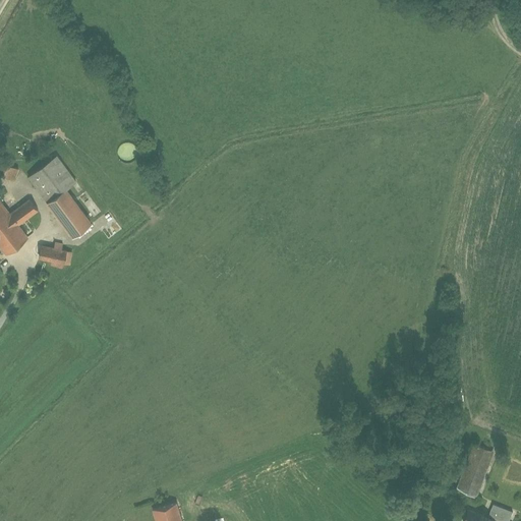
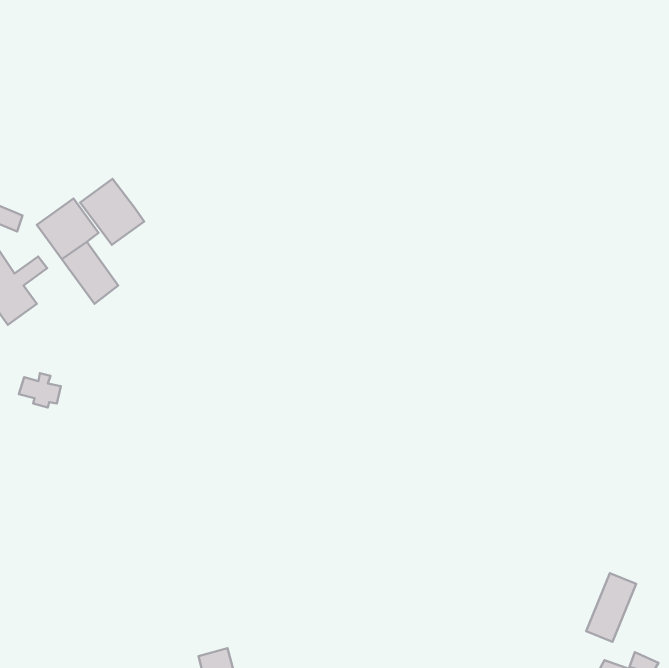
building: none -> [80,179,144,245]
building: [39,243,71,270] -> [19,373,61,407]

